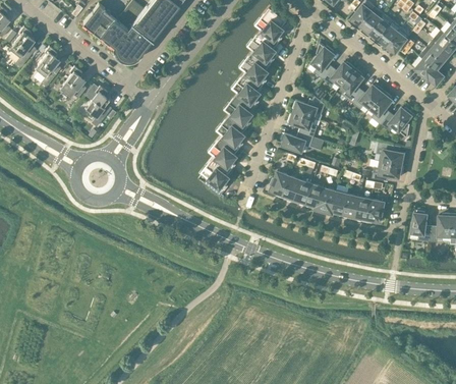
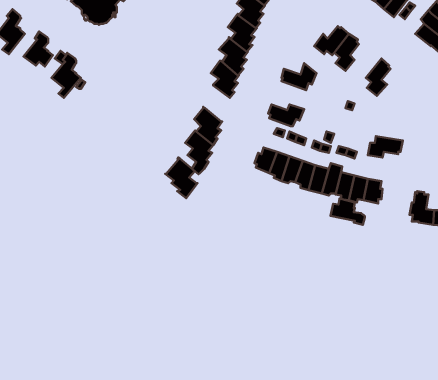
building: [310,43,335,79] -> none
building: [351,85,384,110] -> none
building: [380,107,411,138] -> none
building: [288,111,317,136] -> none
building: [221,113,247,148] -> none
building: [377,142,405,165] -> none
building: none -> [165,158,198,198]
building: none -> [331,199,365,225]

